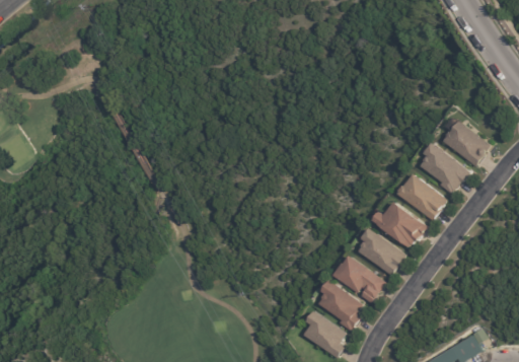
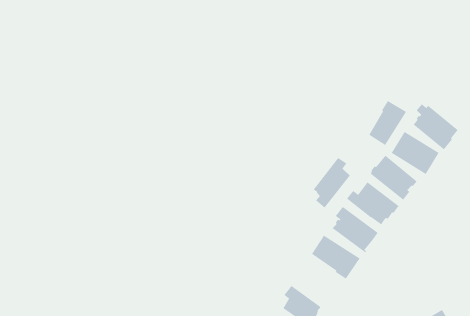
building: none -> [368,100,407,146]
building: none -> [313,157,350,208]
building: [316,279,362,331] -> none

